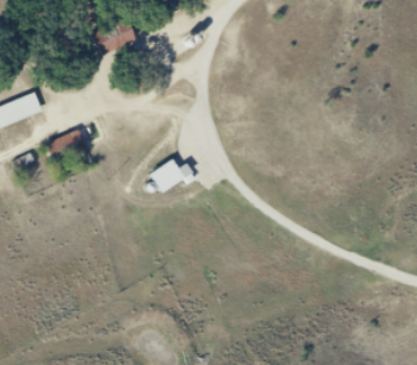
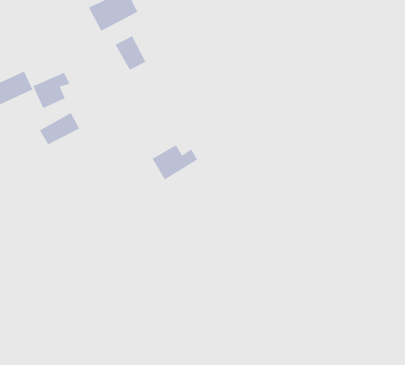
building: none -> [115,35,147,71]
building: none -> [32,72,70,109]

